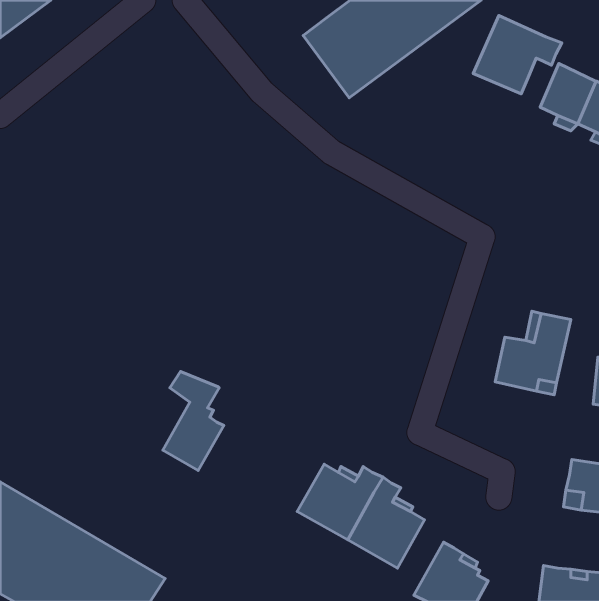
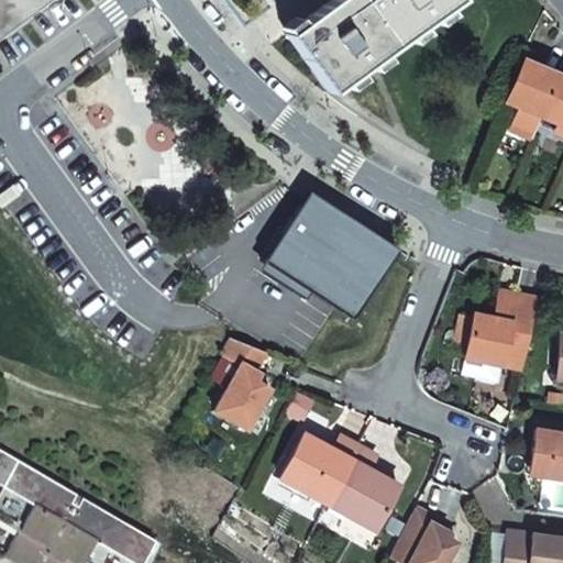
building: [473,16,562,94] -> none
building: none -> [266,192,401,322]
building: [163,371,224,470] -> [214,339,272,431]

